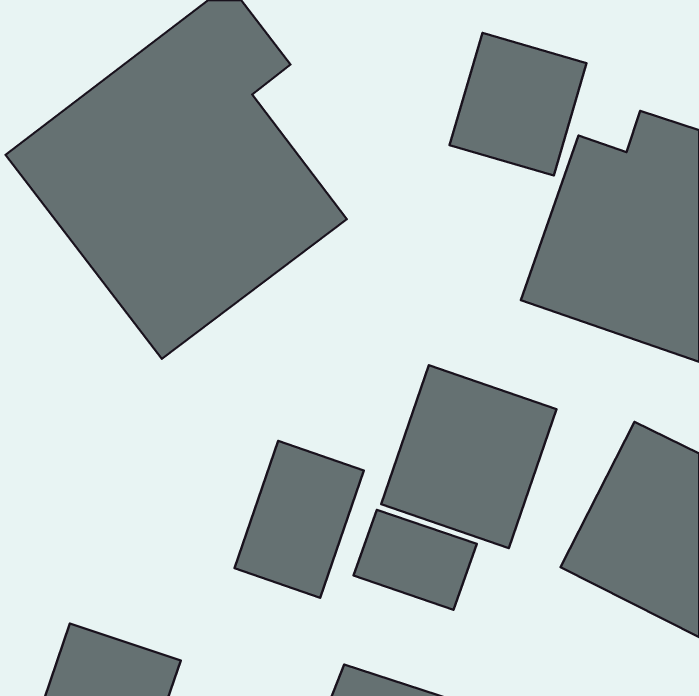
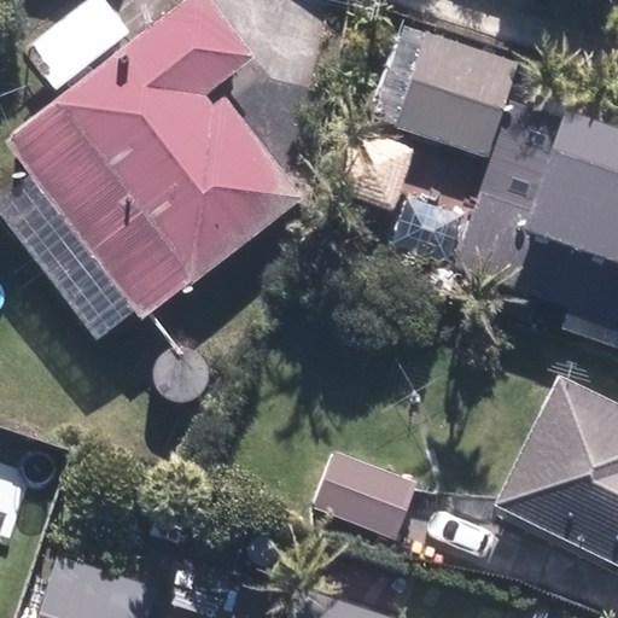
building: [381,365,556,548] -> none
building: [235,441,364,598] -> none

